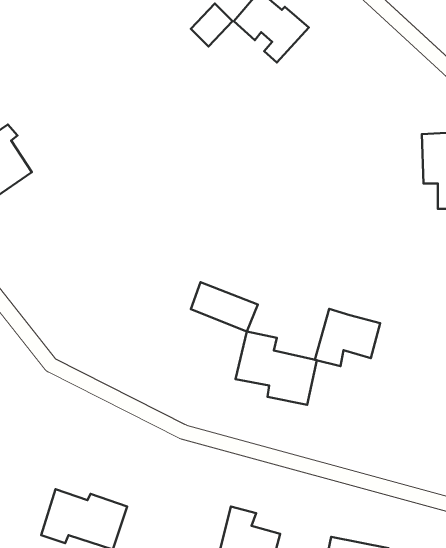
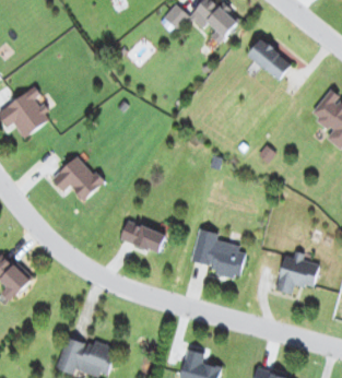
building: none -> [247,38,292,81]
building: none -> [51,155,103,201]
building: [191,282,258,331] -> [120,220,166,253]
building: [315,309,380,366] -> [274,255,319,294]

